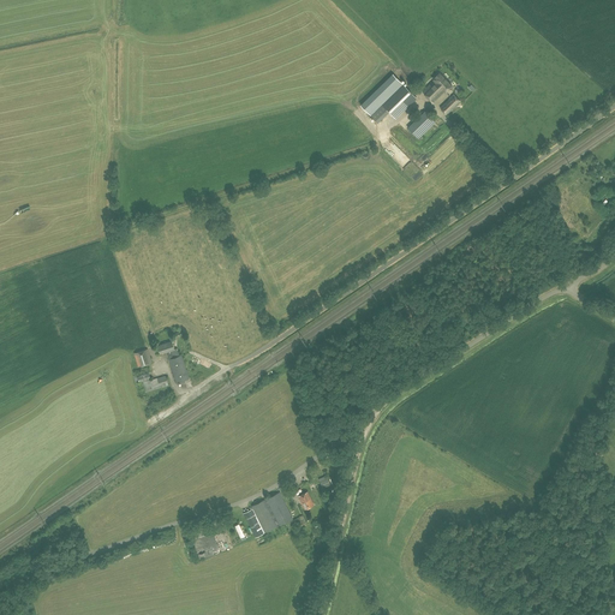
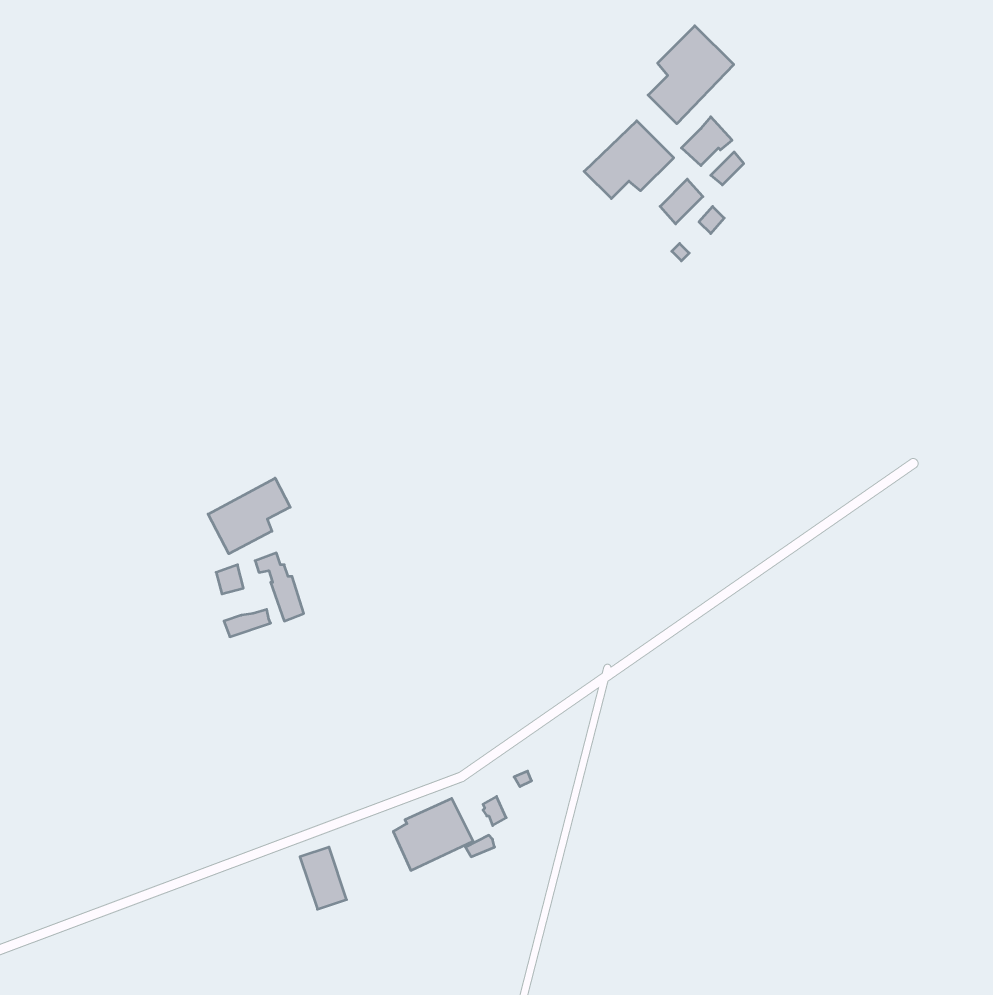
building: none -> [648,26,734,124]
building: none -> [208,478,290,554]

